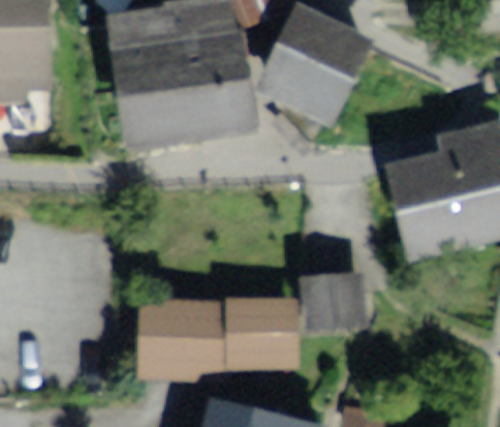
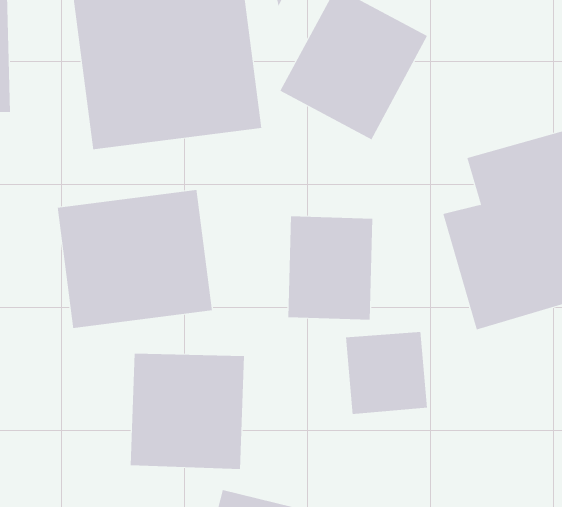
building: none -> [57,189,212,329]
building: [241,289,307,370] -> [287,216,373,320]

